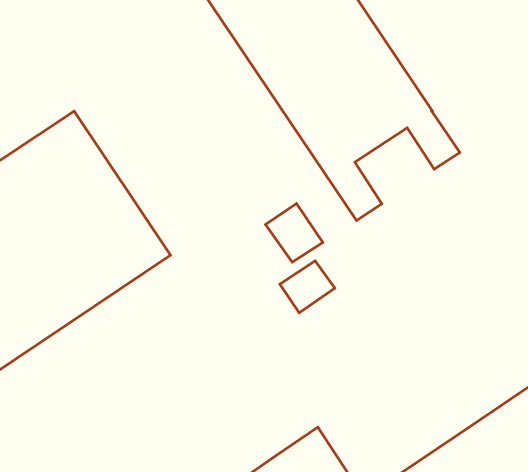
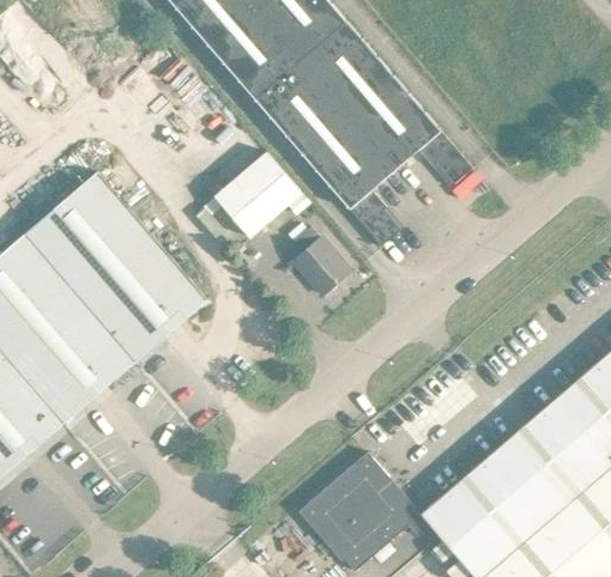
building: none -> [214,152,302,237]
building: [280,261,335,313] -> none

